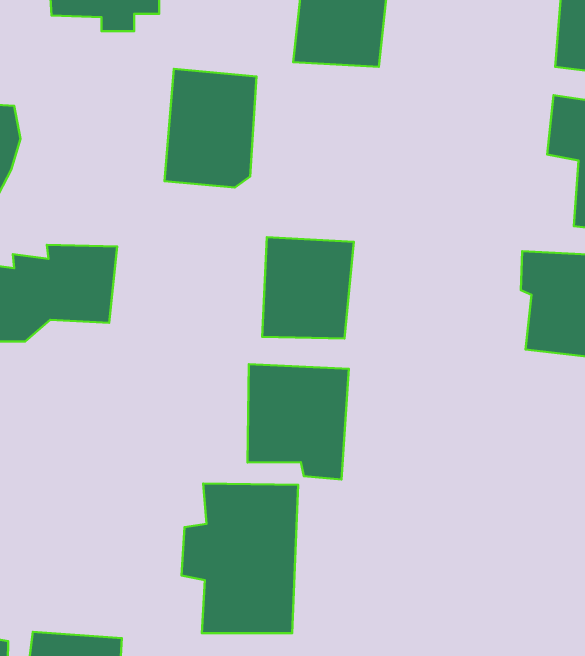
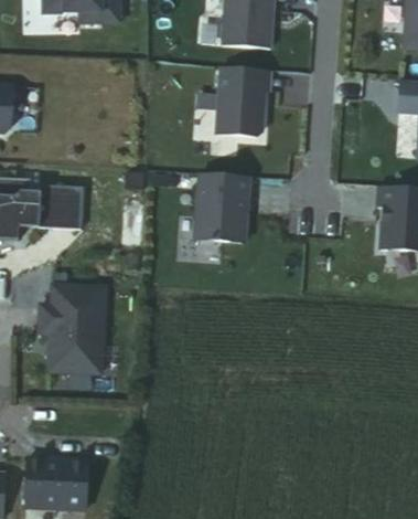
building: [165,69,257,187] -> [203,60,268,144]
building: [247,364,349,479] -> none
building: [181,483,298,633] -> [29,269,111,375]

